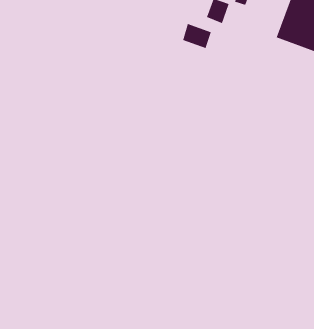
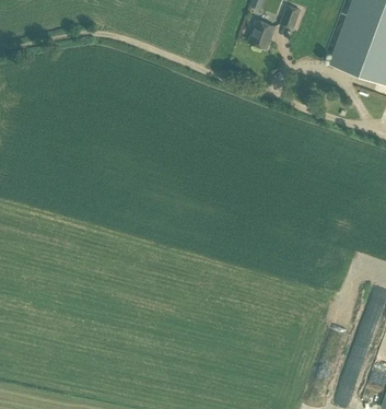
building: [182,23,212,49] -> none

